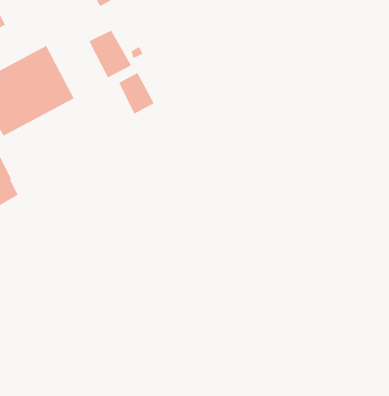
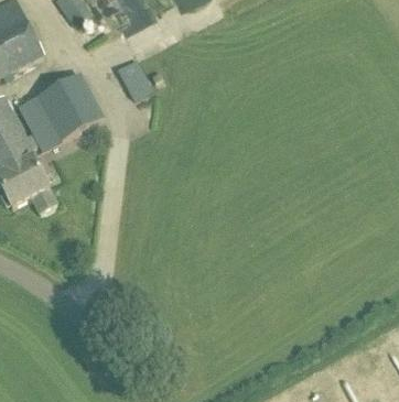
building: [119,72,154,114] -> none

